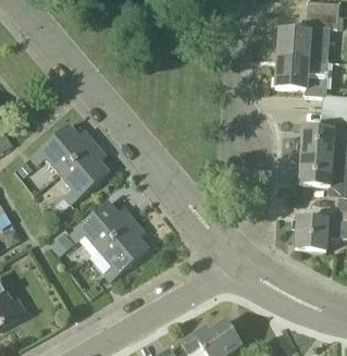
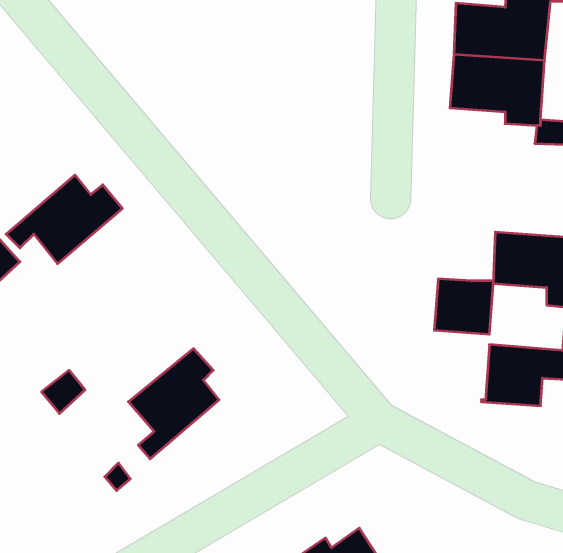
building: [300,127,333,158] -> [434,279,493,334]
building: [59,143,109,204] -> none
building: [71,201,134,249] -> none

